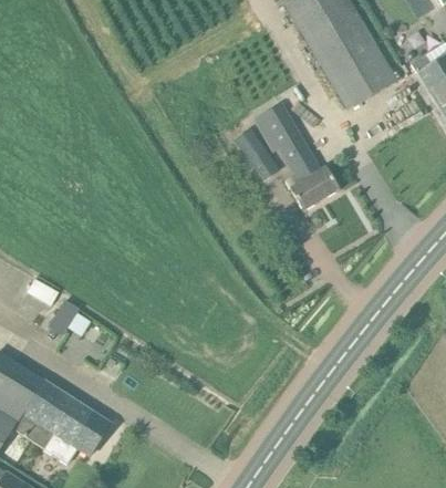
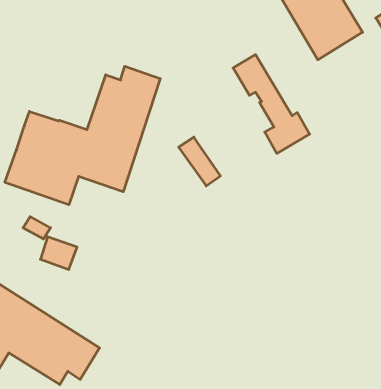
building: none -> [5,66,160,205]
building: [234,127,279,180] -> [179,137,220,186]

